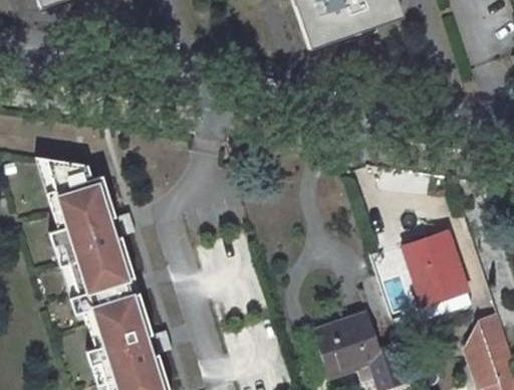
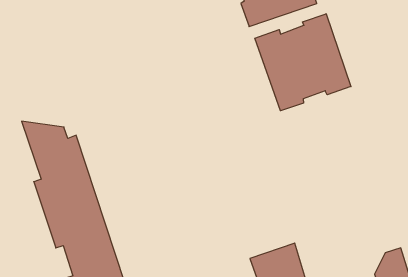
building: none -> [255,14,351,111]
building: [405,234,470,308] -> none

